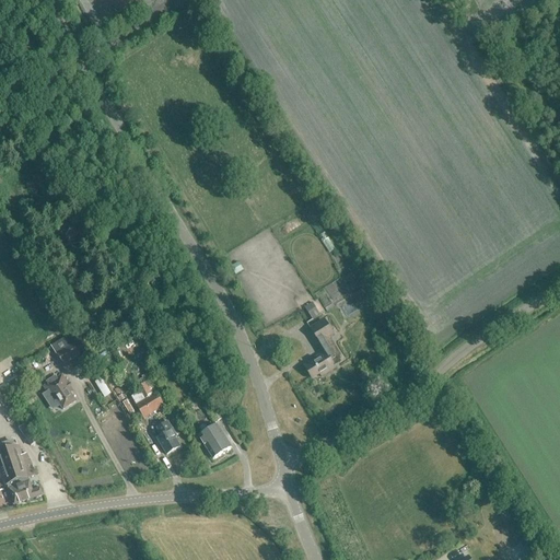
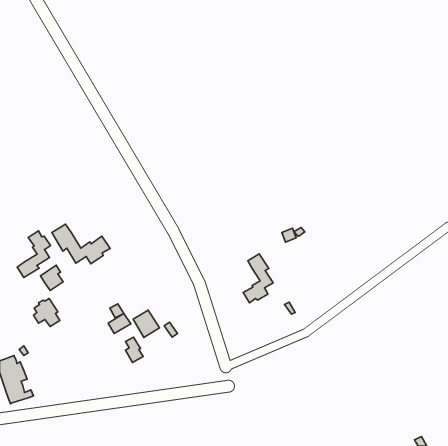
building: none -> [52,224,110,264]
building: none -> [17,231,50,278]
building: [197,423,230,457] -> [133,310,160,337]

